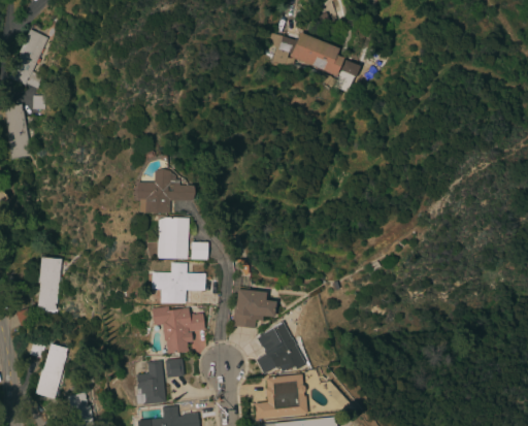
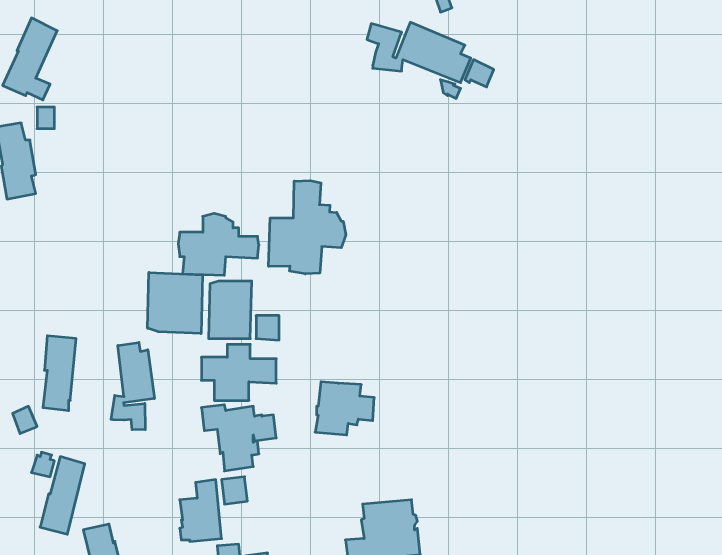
building: none -> [269,181,346,274]
building: none -> [148,272,203,334]
building: none -> [111,342,154,430]
building: [257,323,306,373] -> none

